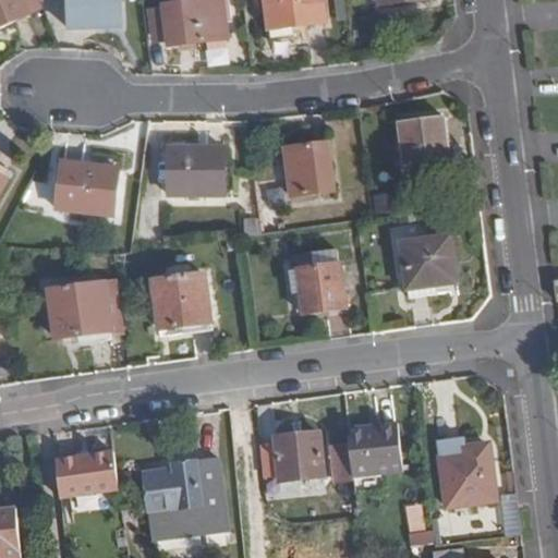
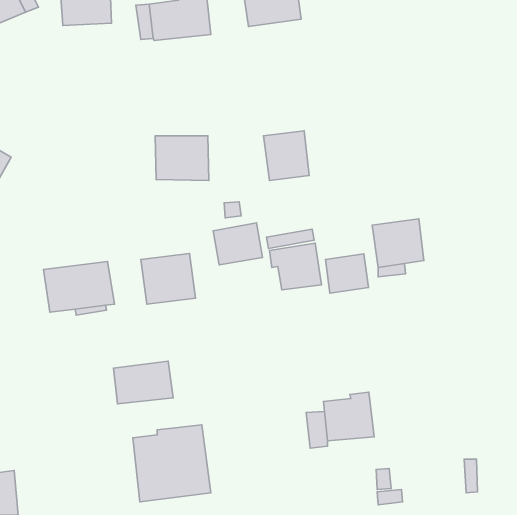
building: [399,116,449,174] -> none
building: [56,159,118,214] -> none
building: none -> [213,223,263,265]
building: none -> [325,254,368,293]
building: [274,432,324,480] -> none
building: [435,437,496,506] -> none
building: [57,450,121,496] -> [113,361,173,404]

